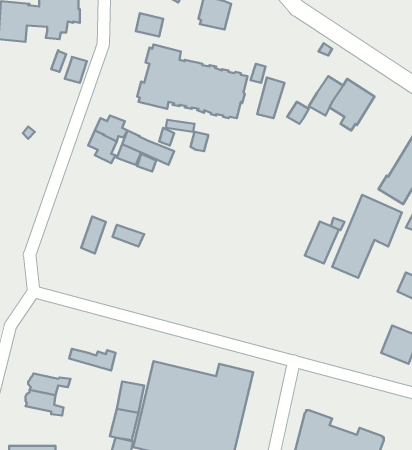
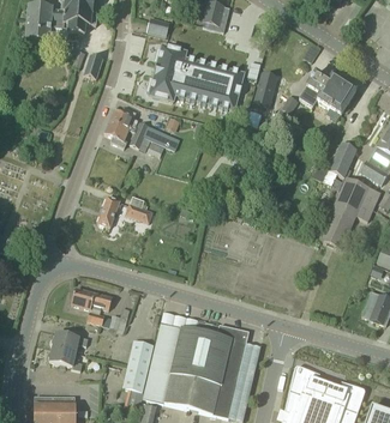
building: [305,221,339,264] -> [328,140,358,177]
building: none -> [71,286,113,308]

